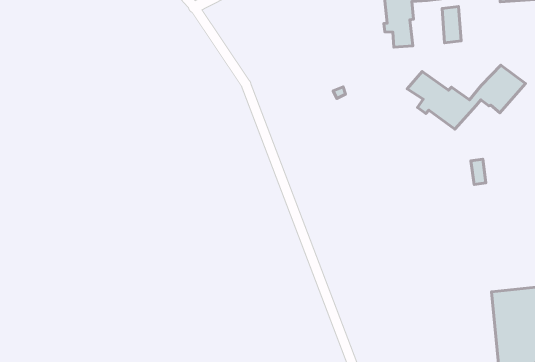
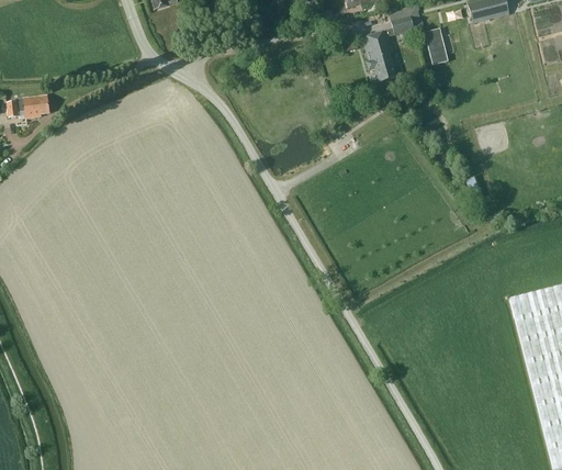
building: none -> [8,94,49,119]
building: [407,65,526,129] -> none

